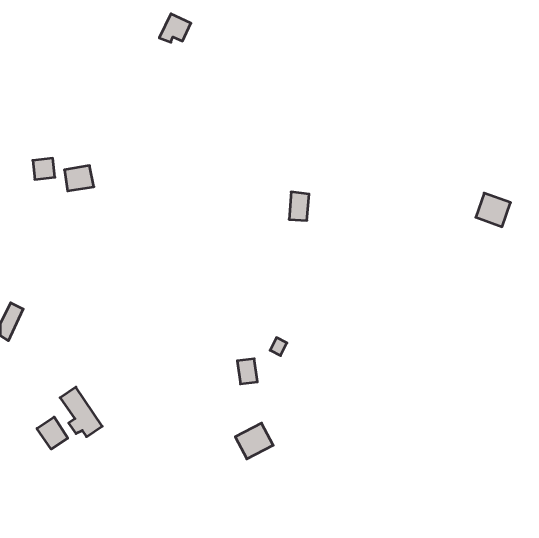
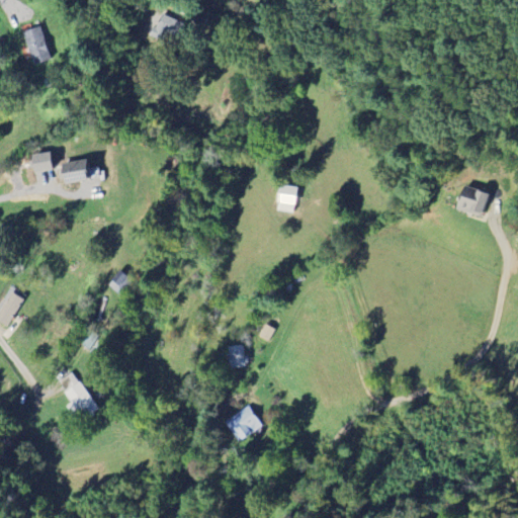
building: none -> [23,25,52,65]
building: [37,417,68,449] -> none

